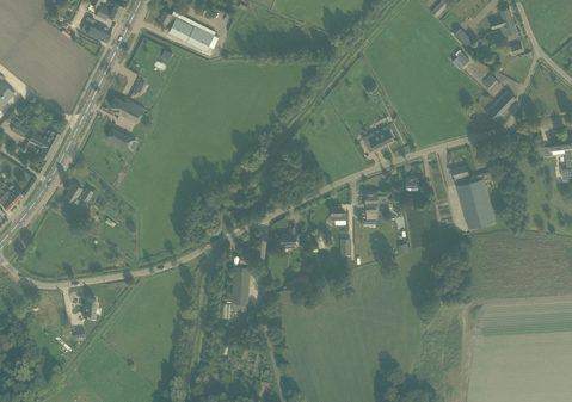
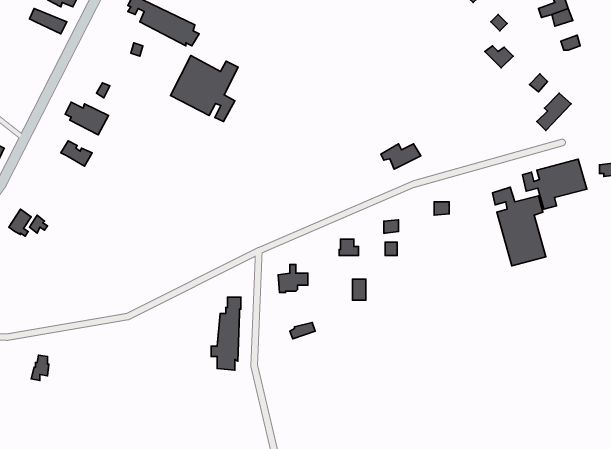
building: none -> [171,56,238,122]
building: none -> [522,159,587,209]

